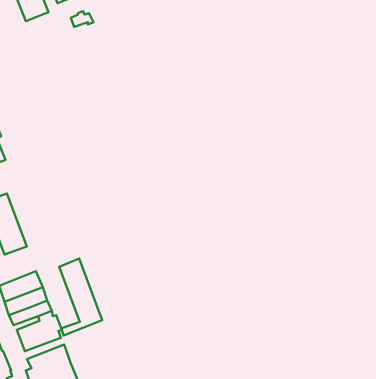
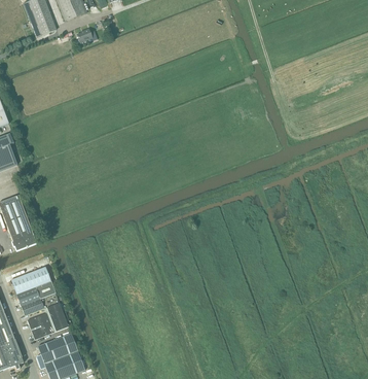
building: [59,258,102,335] -> none

